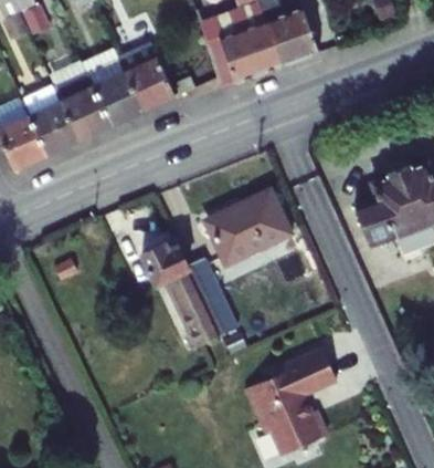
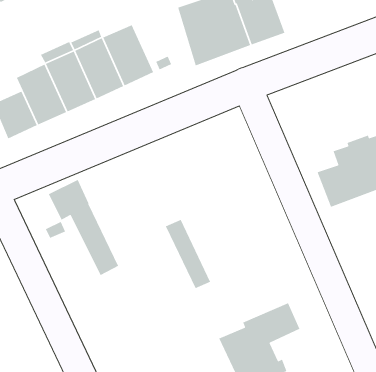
building: [208,191,289,263] -> none
building: [142,239,221,346] -> [48,179,119,276]

